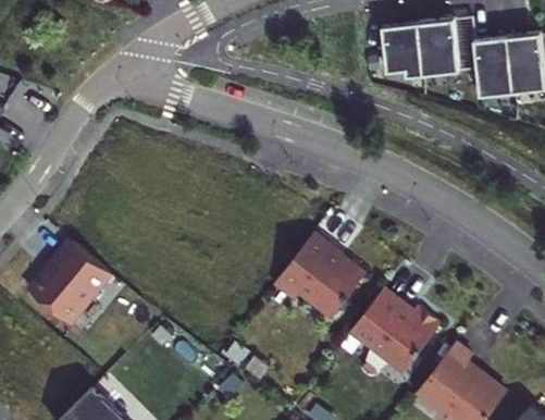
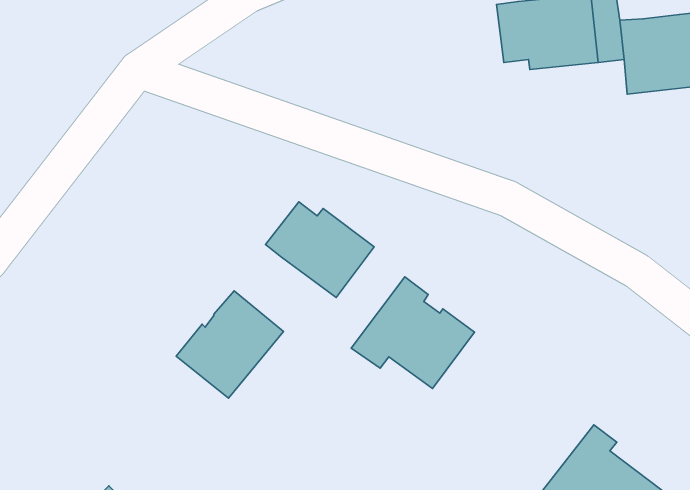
building: none -> [265,202,374,297]
building: [28,242,109,322] -> [176,291,284,398]
building: [352,292,441,370] -> none

